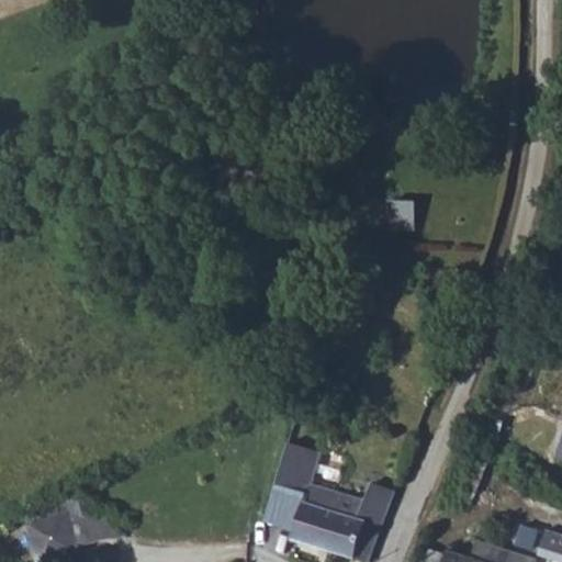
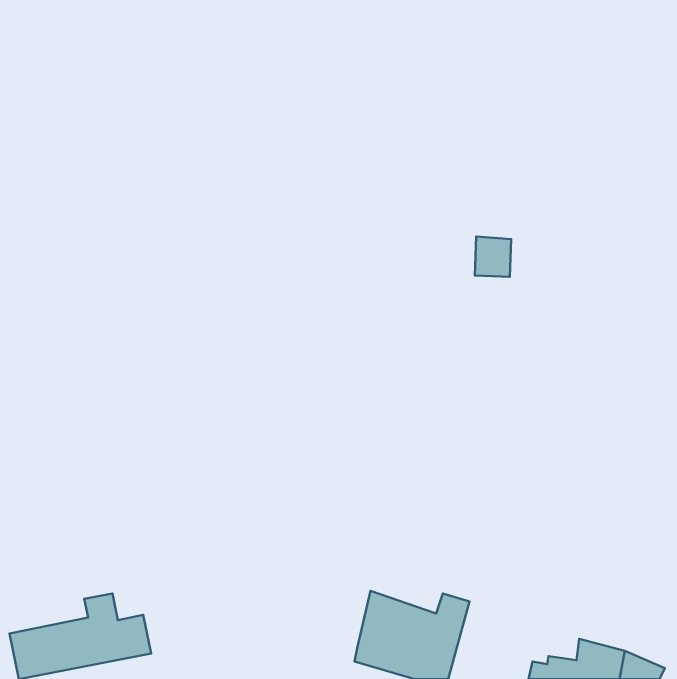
building: [266,443,316,532] -> none

